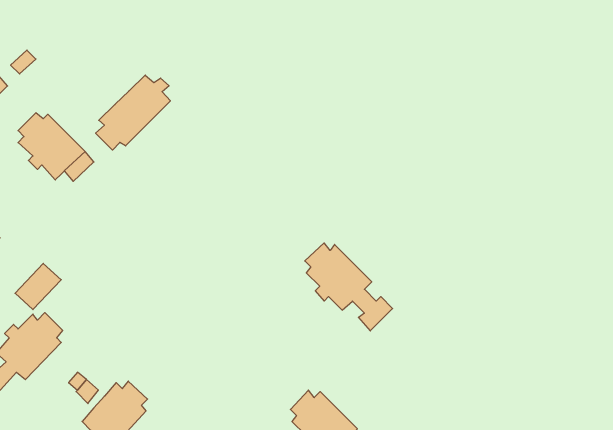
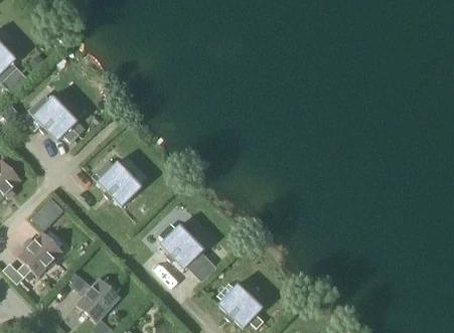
building: [96,75,170,150] -> none
building: none -> [97,161,142,206]
building: [305,243,393,331] -> [159,223,218,283]

